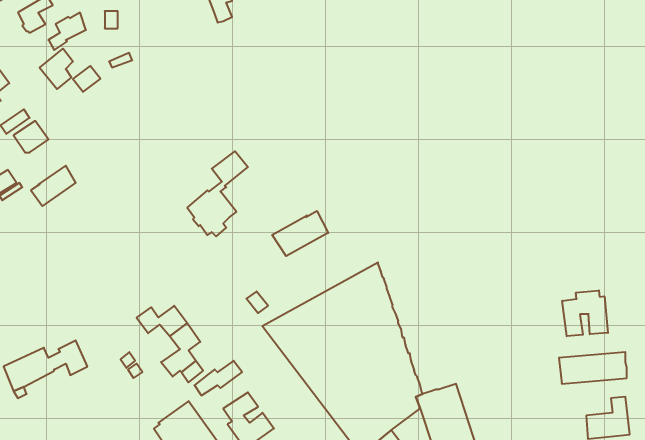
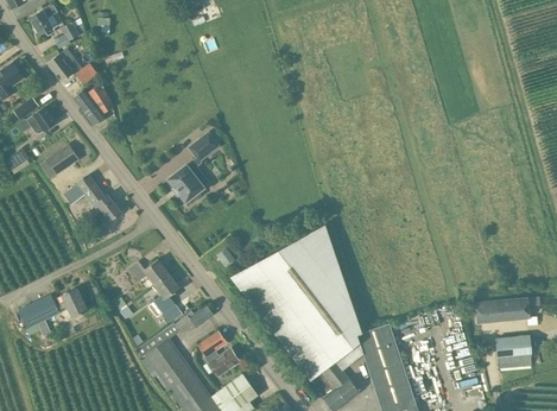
building: none -> [74,82,113,125]
building: none -> [63,173,121,220]
building: [272,211,328,256] -> none
building: [562,290,608,336] -> none

